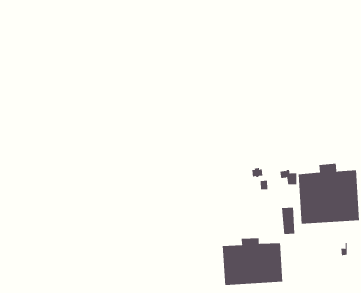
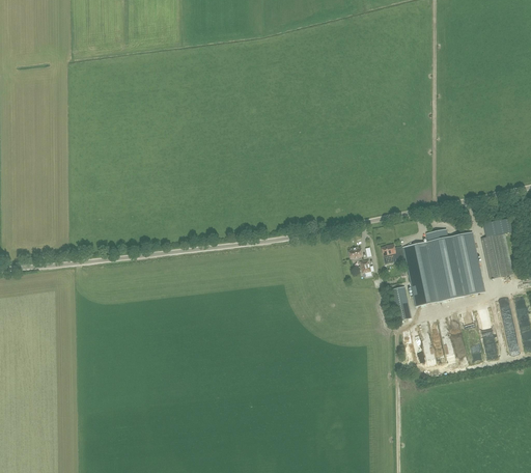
building: [222,238,283,286] -> none

